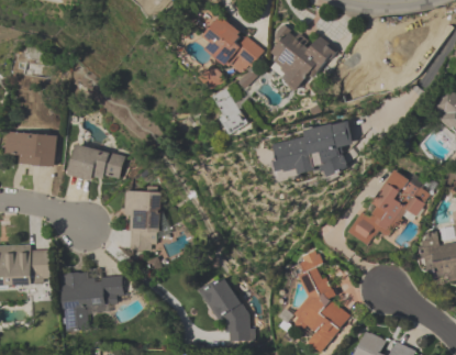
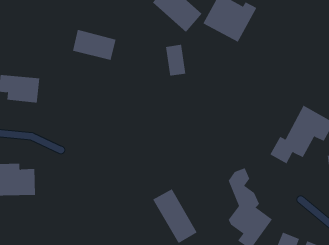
building: [269,127,341,176] -> none
building: [67,144,123,184] -> [72,29,116,60]
building: [126,190,158,251] -> none
building: [60,270,124,329] -> none

